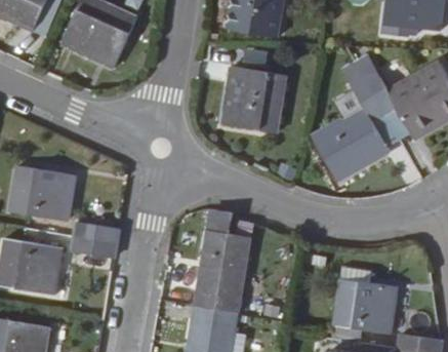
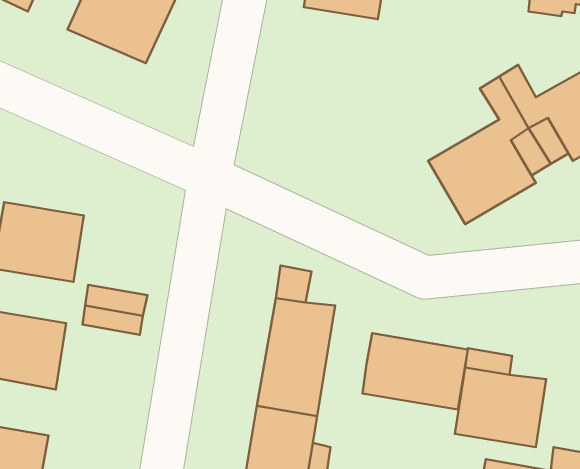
building: [221,67,285,134] -> none
building: none -> [362,333,468,410]

